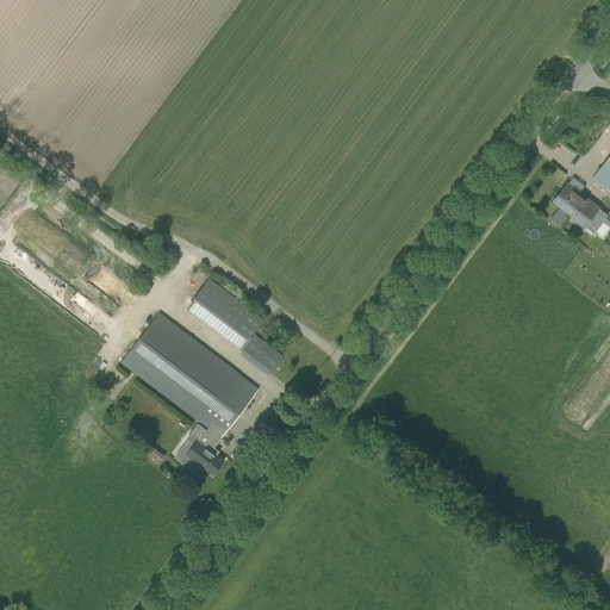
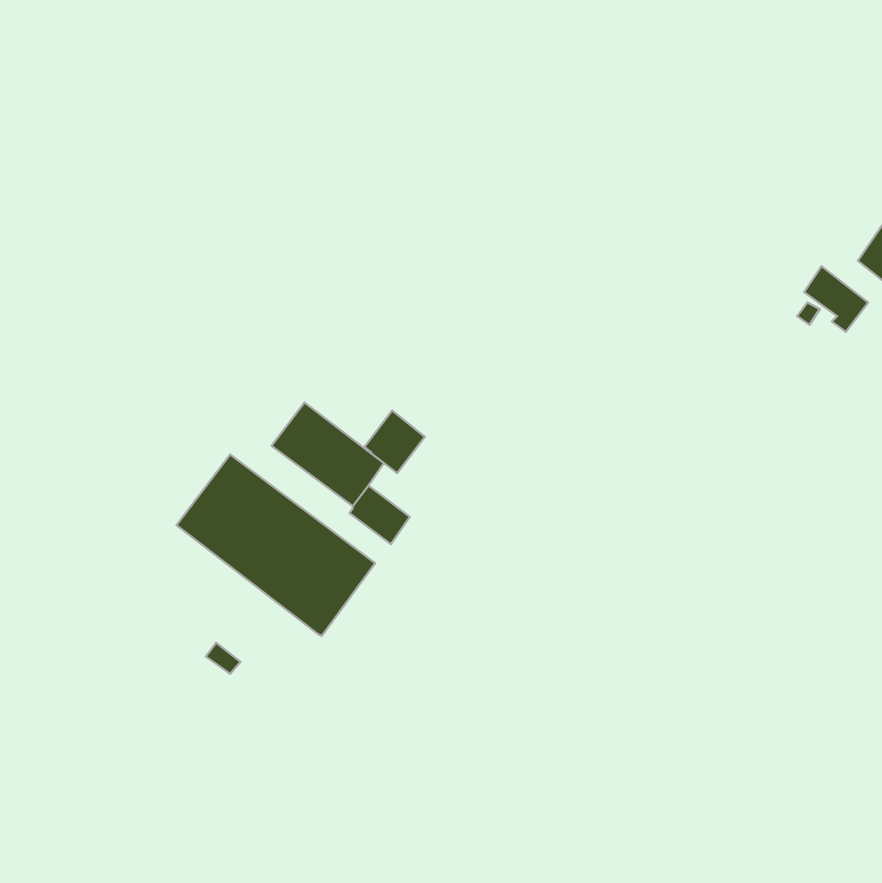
building: none -> [365,411,425,473]
building: [187,424,224,474] -> none

